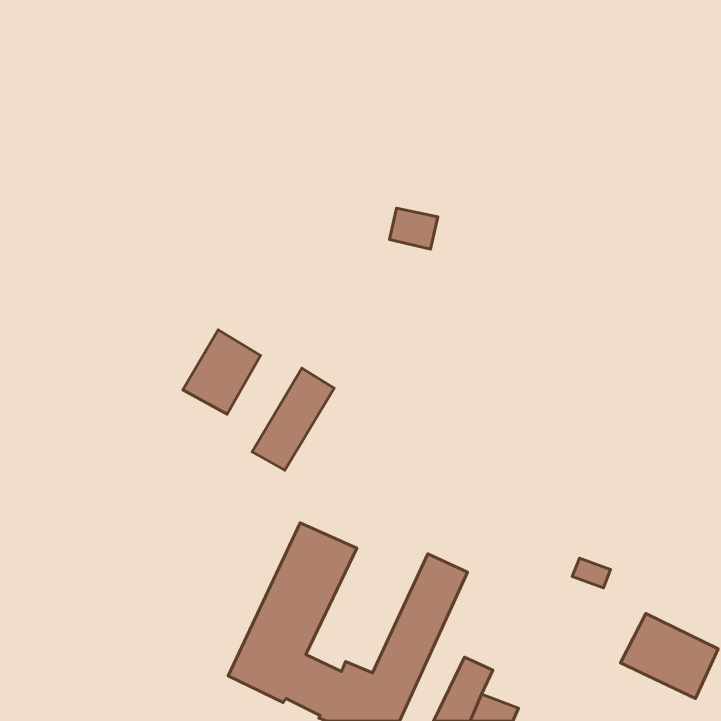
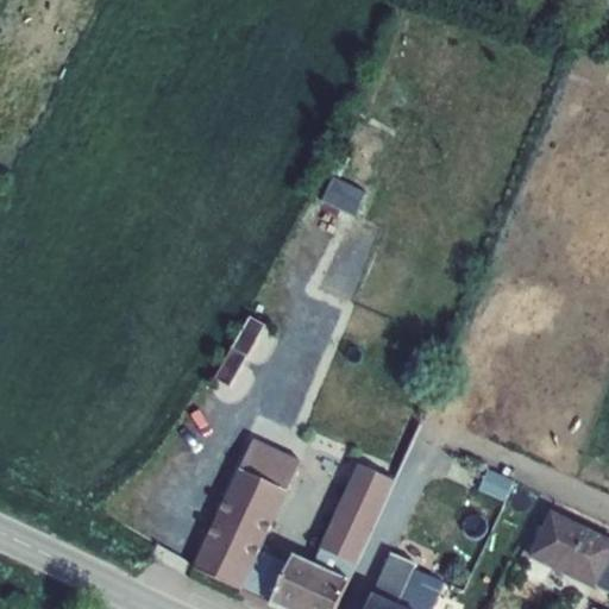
building: [183,330,260,414] -> none

